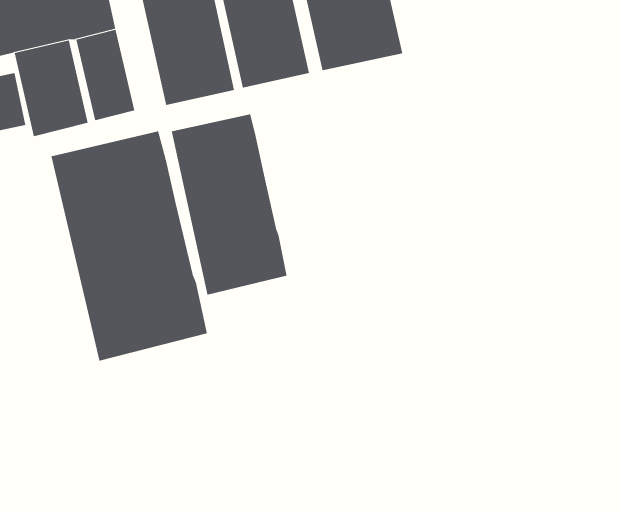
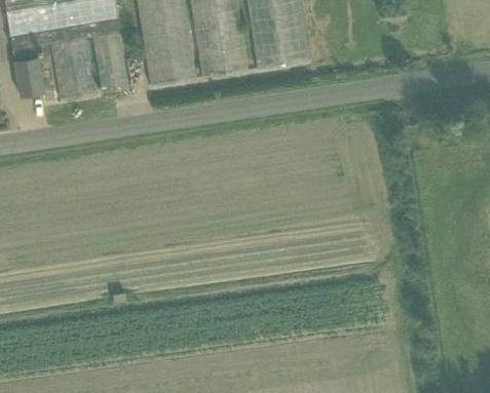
building: [171,114,287,295] -> none
building: [51,131,208,361] -> none

